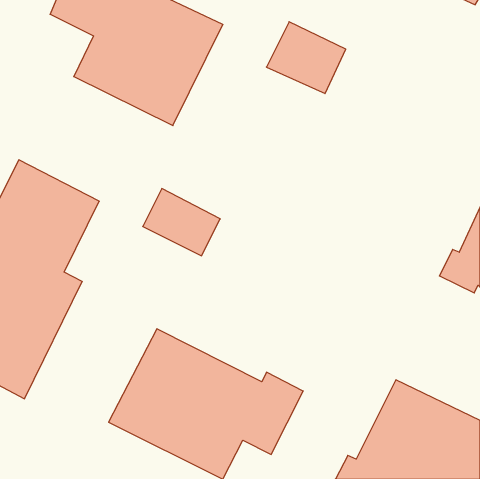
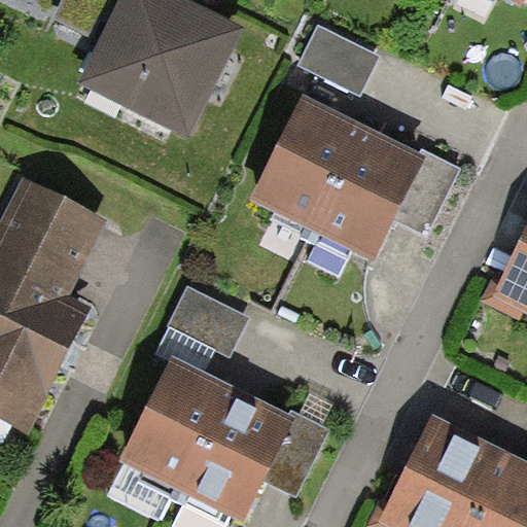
building: none -> [248,96,459,264]
building: [143,189,220,256] -> [164,283,248,356]

